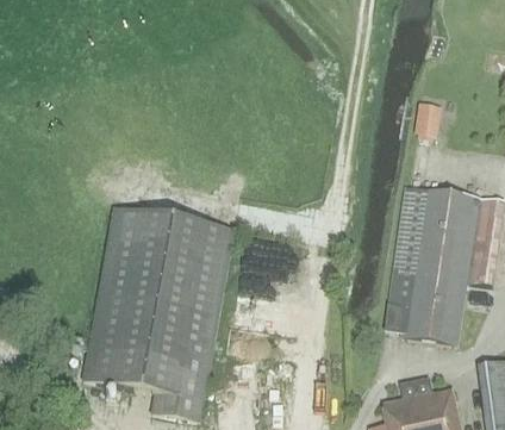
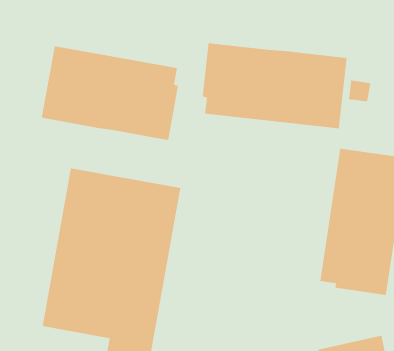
building: none -> [202,43,347,129]
building: none -> [41,45,178,141]

